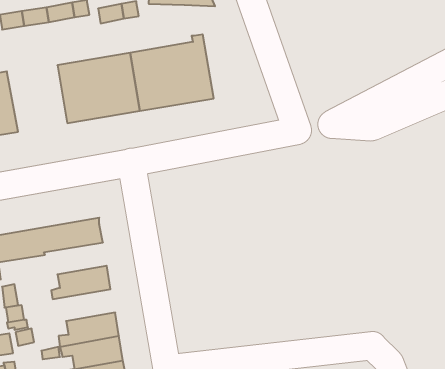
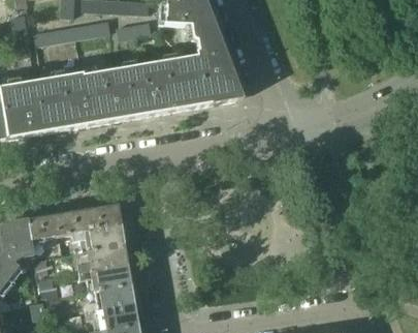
building: none -> [191,24,244,102]
building: none -> [42,72,93,130]
building: none -> [73,223,126,250]
building: none -> [81,263,133,290]

